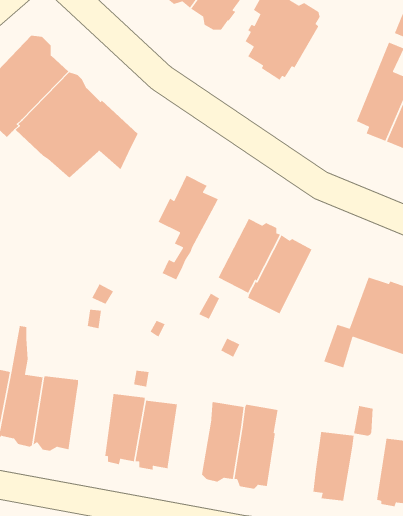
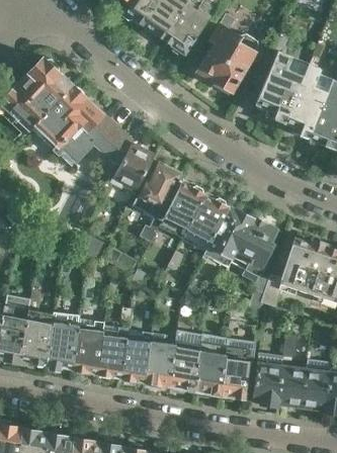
building: none -> [256,51,305,122]
building: none -> [101,131,154,192]
building: none -> [159,182,205,239]
building: none -> [229,216,278,307]
building: none -> [72,298,108,373]
building: none -> [146,333,177,387]
building: none -> [220,337,252,399]
building: none -> [276,364,307,407]

